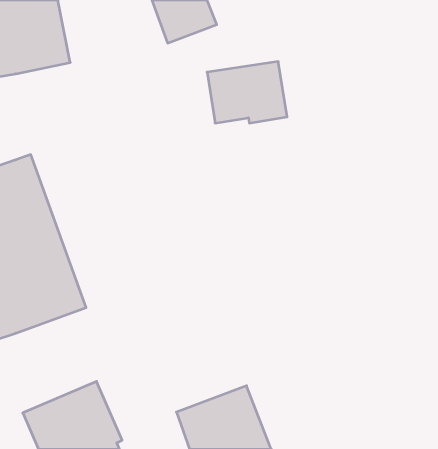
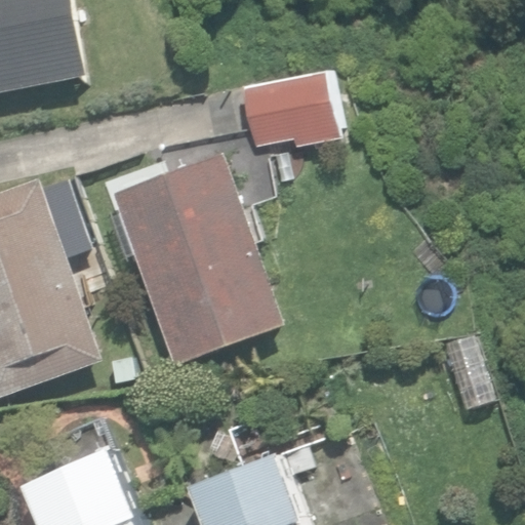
building: none -> [111,153,281,364]

